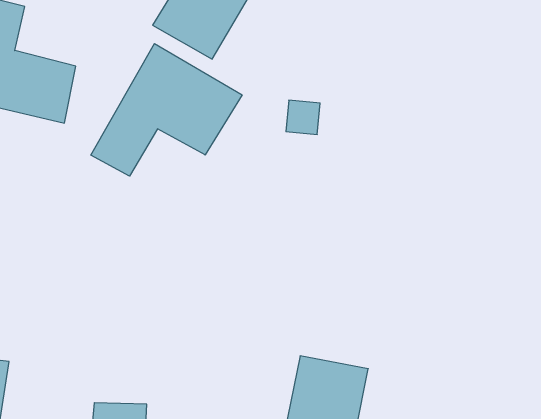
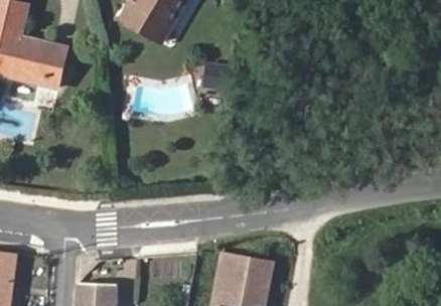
building: [91,44,242,176] -> none

